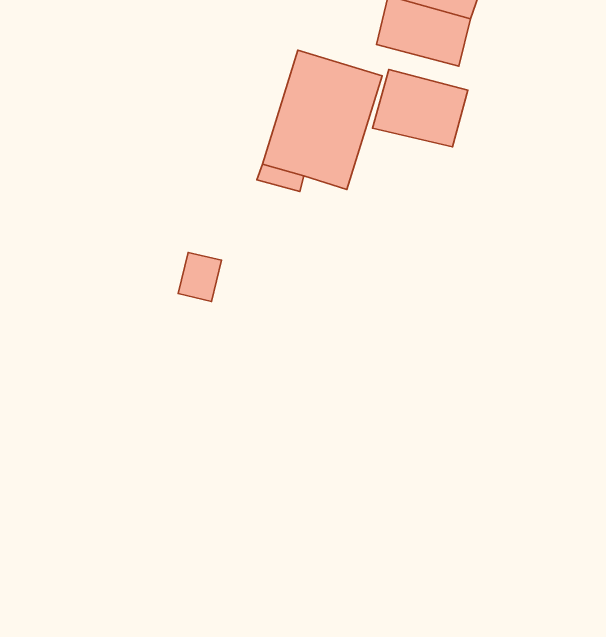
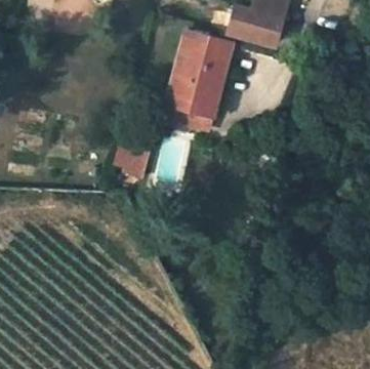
building: [373,70,468,147] -> none

